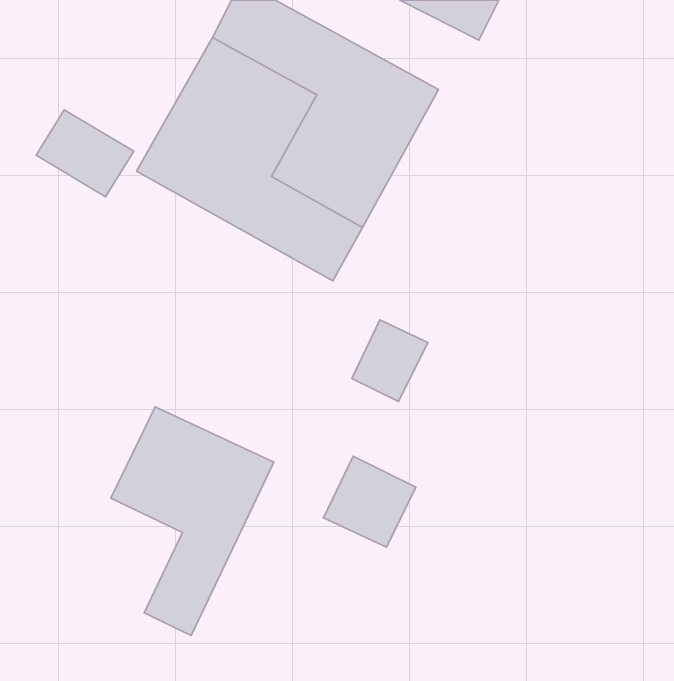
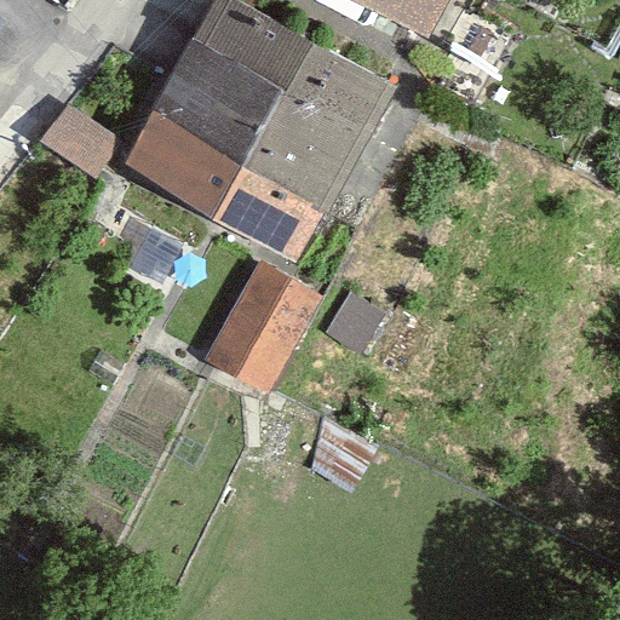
building: none -> [199,258,325,397]
building: [111,407,274,635] -> none

